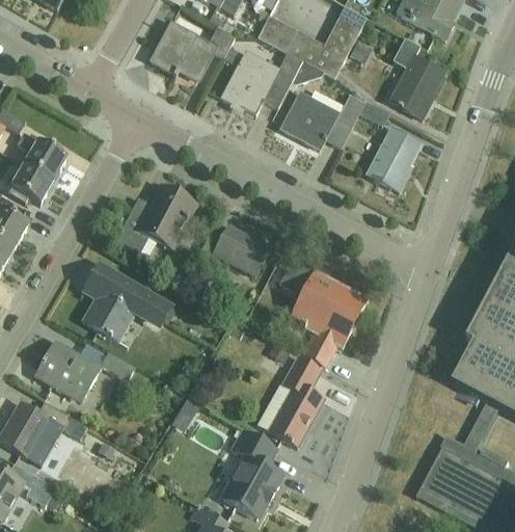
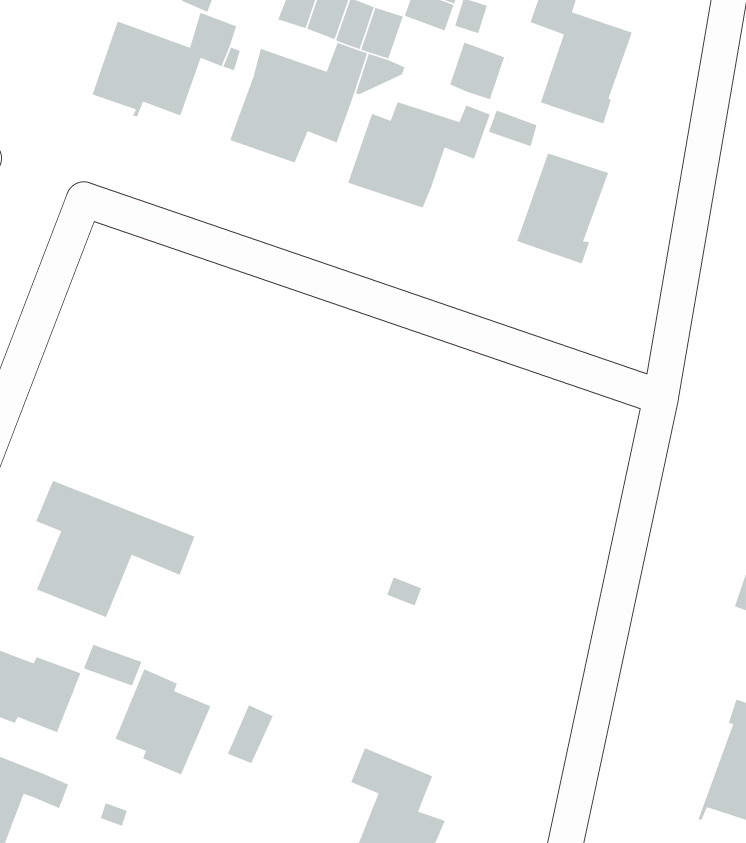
building: [313,45,345,78] -> [449,42,505,100]
building: [116,188,194,251] -> none
building: [195,225,270,275] -> none
building: [280,261,368,368] -> none
building: [268,358,324,447] -> none
building: none -> [115,668,211,775]

